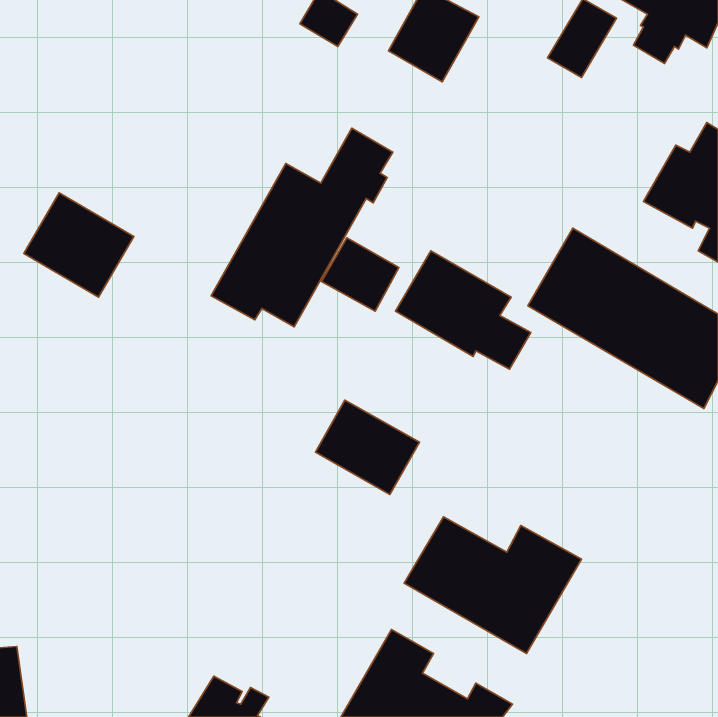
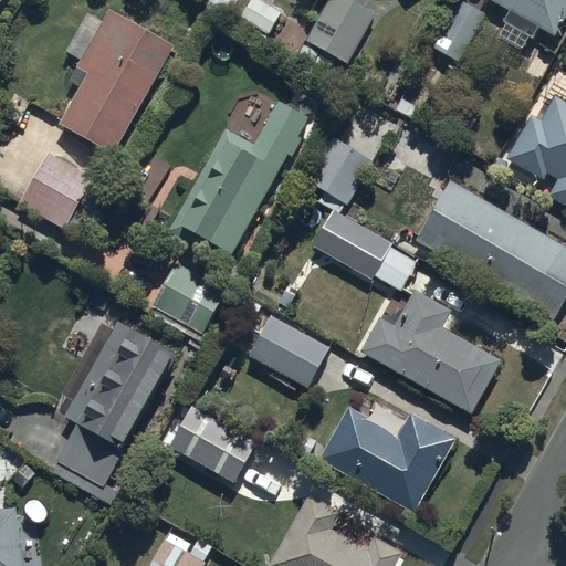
building: none -> [59,9,172,154]
building: [322,238,399,311] -> [312,137,373,195]
building: none -> [150,263,226,334]
building: none -> [359,291,502,415]
building: none -> [53,321,175,505]
building: none -> [168,403,258,482]

